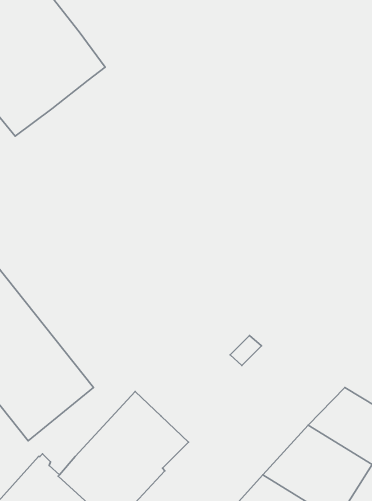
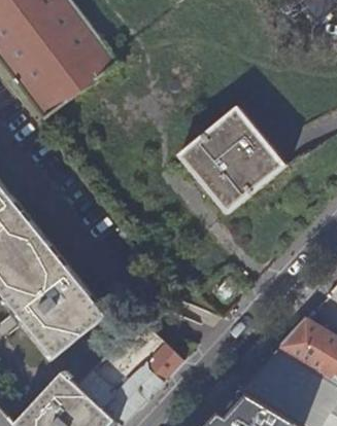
building: none -> [179,106,287,213]

